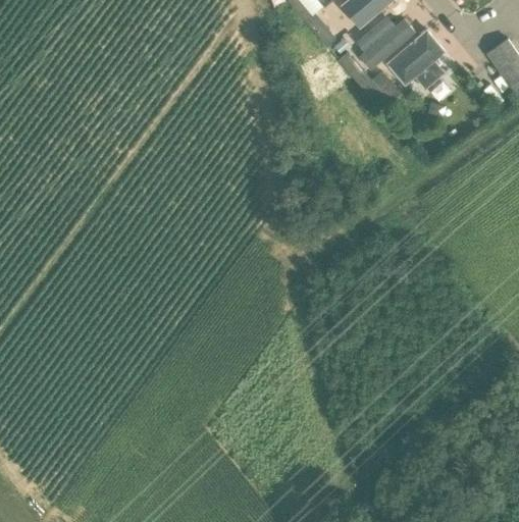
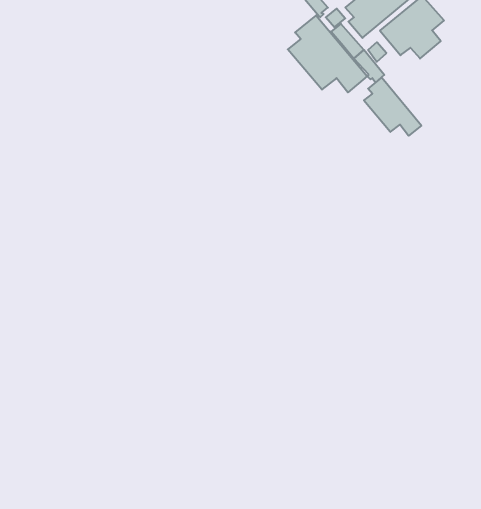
building: none -> [288,15,367,92]
building: none -> [364,78,421,136]

